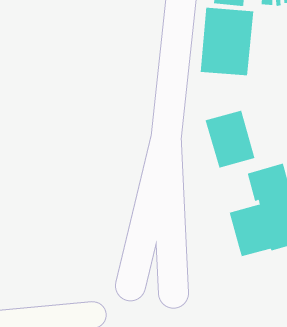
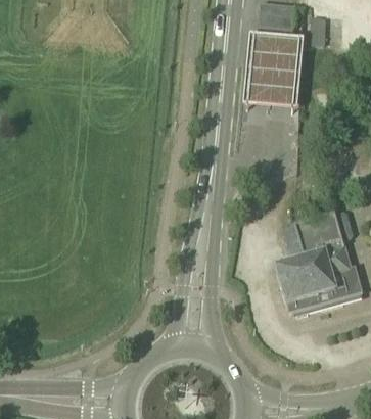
building: [205,110,255,168] -> none

